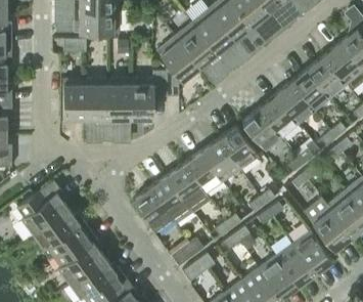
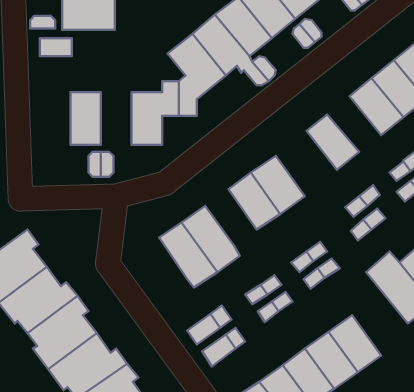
building: [62,79,85,118] -> none
building: [107,79,130,118] -> none
building: [274,82,314,123] -> none
building: [241,107,281,150] -> none
building: [184,150,222,192] -> none
building: [132,186,171,229] -> none
building: [292,231,331,273] -> none

